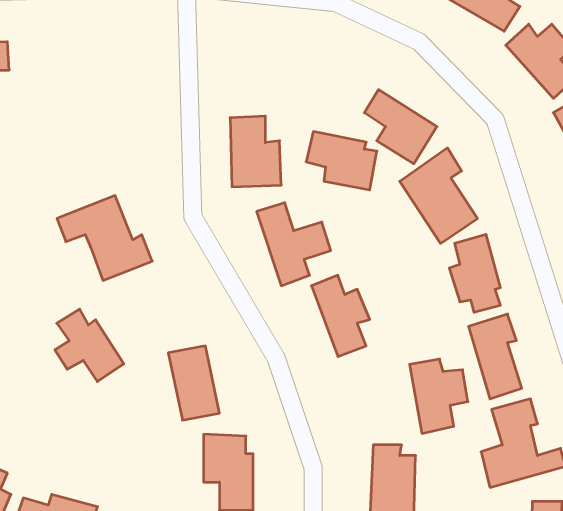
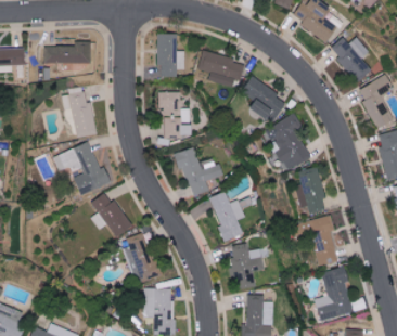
building: none -> [158,34,184,77]
building: none -> [44,41,92,63]
building: none -> [61,89,95,137]
building: [306,132,377,190] -> [199,51,242,87]
building: [55,309,124,382] -> [90,193,132,237]
building: [410,359,468,433] -> [229,243,265,288]

